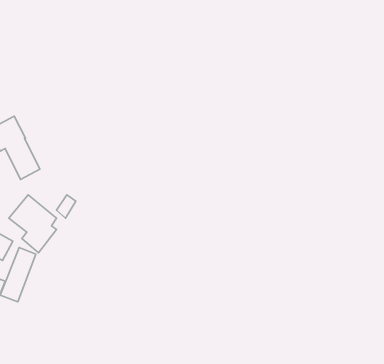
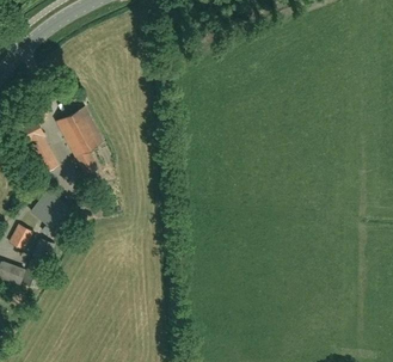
building: none -> [57,106,104,176]

